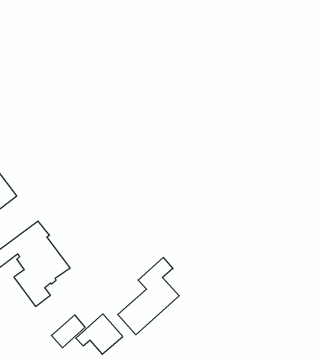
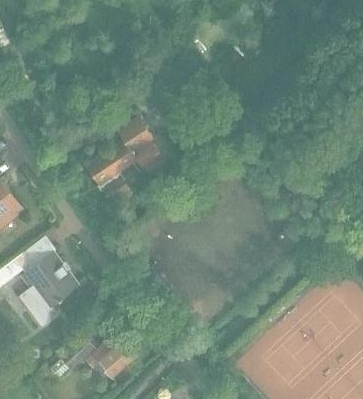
building: none -> [86,117,163,204]
building: [118,257,179,335] -> none

